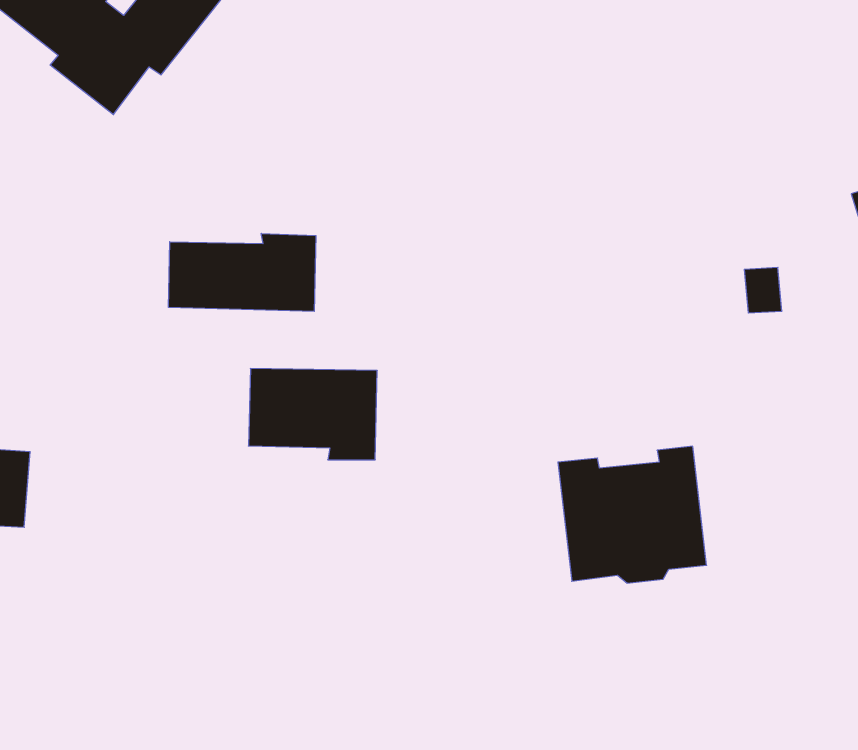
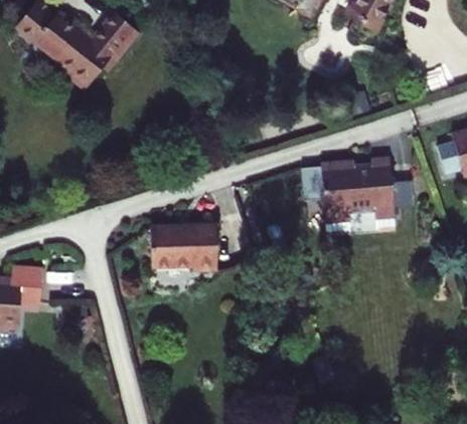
building: [169,233,316,311] -> none
building: [558,446,707,583] -> [322,162,398,231]

